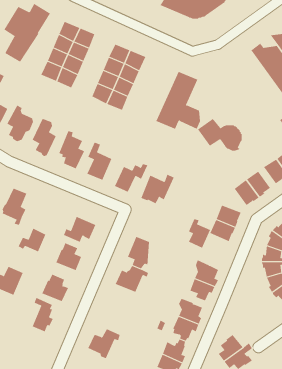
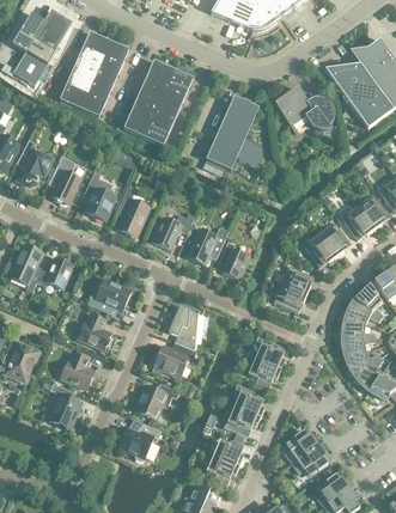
building: [197,118,242,151] -> [276,87,334,129]
building: [188,218,211,249] -> [220,240,249,279]
building: [18,228,46,252] -> [36,256,72,287]
building: none -> [135,381,179,419]

